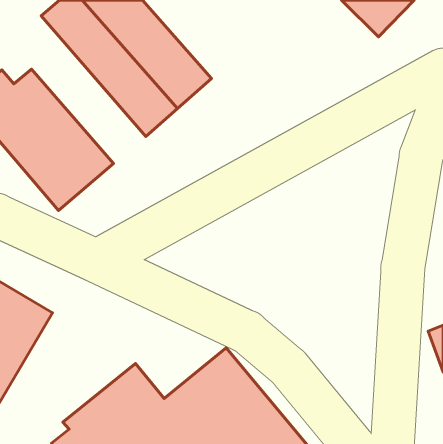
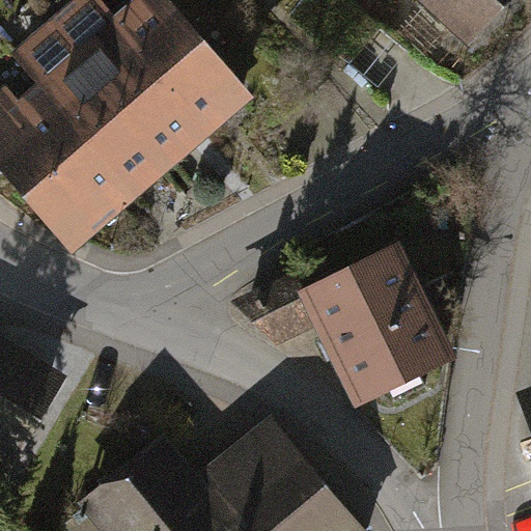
building: none -> [11,22,173,197]
building: none -> [228,242,454,408]

